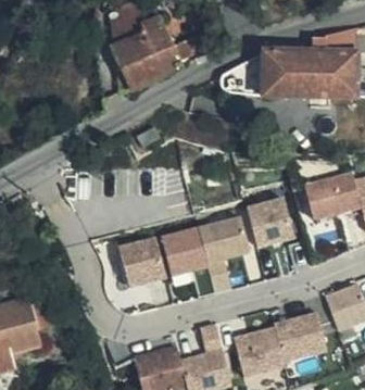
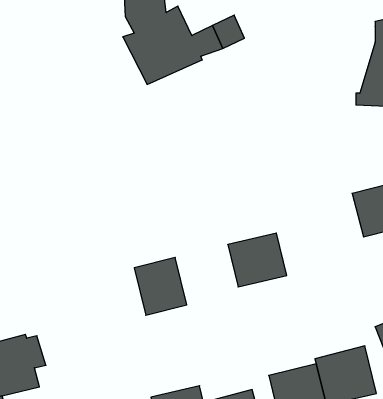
building: [216,40,325,97] -> none
building: [249,197,293,246] -> none
building: [162,225,210,275] -> none

